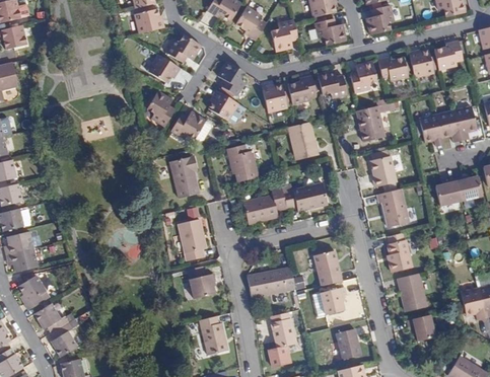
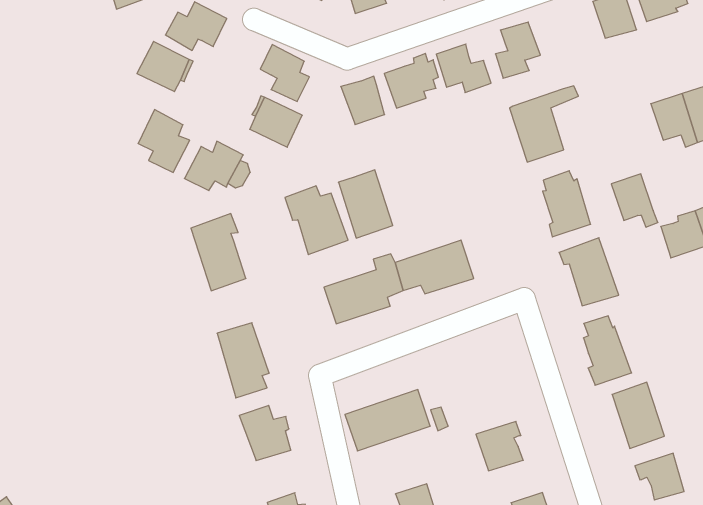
building: [377,58,407,81] -> none
building: [419,116,443,146] -> [611,174,658,227]
building: [288,122,317,159] -> [338,170,393,238]
building: [313,250,341,286] -> none

